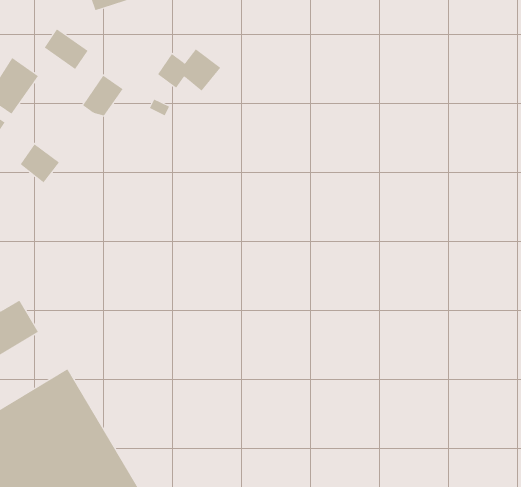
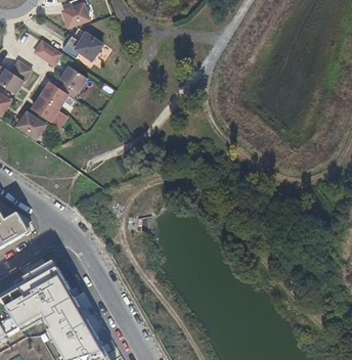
building: [157,49,221,92] -> [60,32,101,59]
building: none -> [32,82,64,119]

